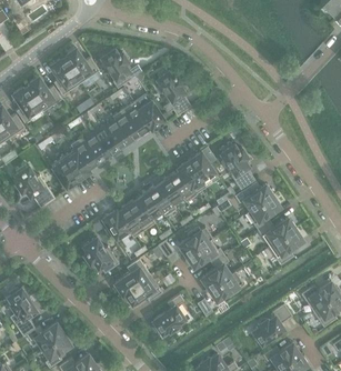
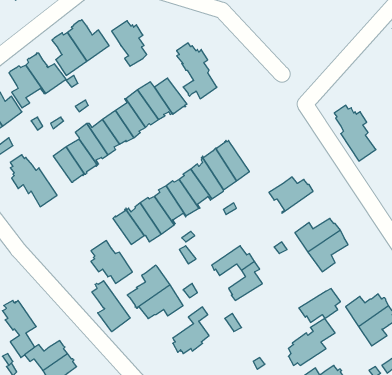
building: [219,143,254,191] -> [334,105,376,161]
building: [245,195,279,231] -> none
building: [178,228,211,259] -> none
building: none -> [92,281,130,332]
building: [205,272,241,301] -> [299,289,340,322]

